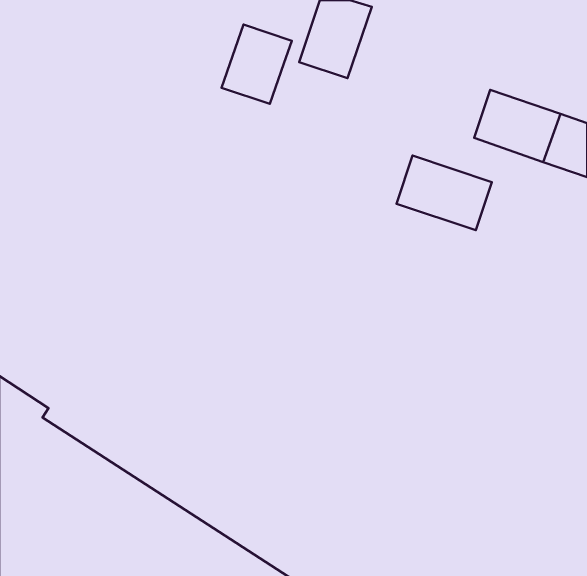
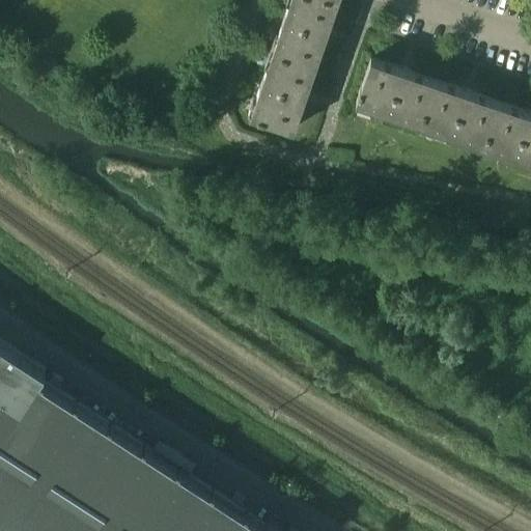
building: [222,25,292,104] -> [250,66,313,138]
building: [396,156,492,230] -> [356,67,442,135]

